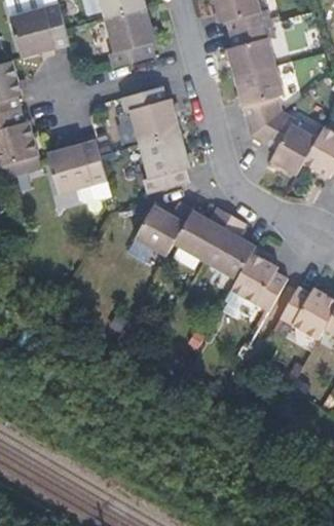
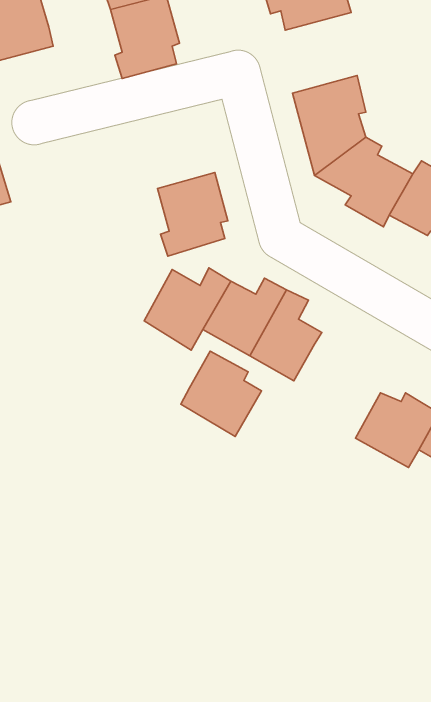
building: [227,22,281,78] -> none
building: [121,86,181,145] -> none
building: [46,138,106,193] -> none
building: [230,254,287,313] -> [181,351,261,436]

